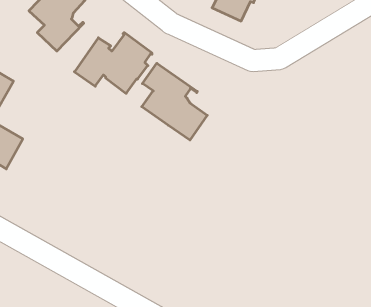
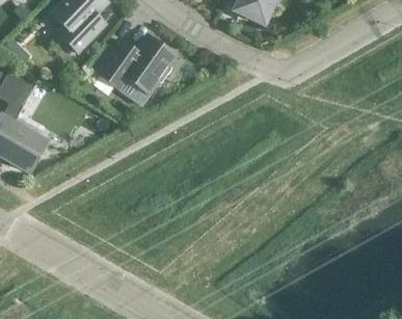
building: [142,63,207,140] -> none

